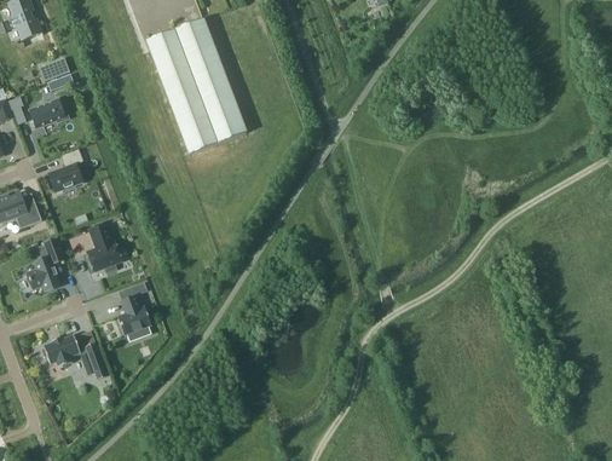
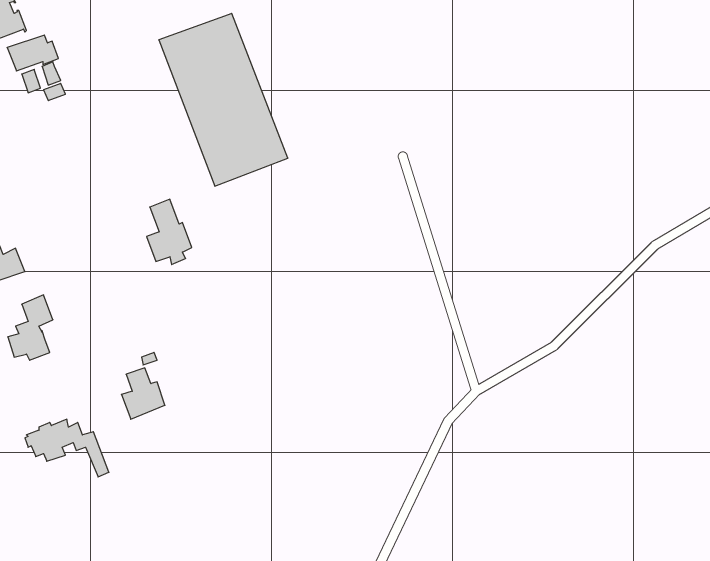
building: [29,99,69,127] -> [7,35,58,71]
building: [48,148,83,191] -> none
building: [87,223,122,273] -> [147,199,192,265]

